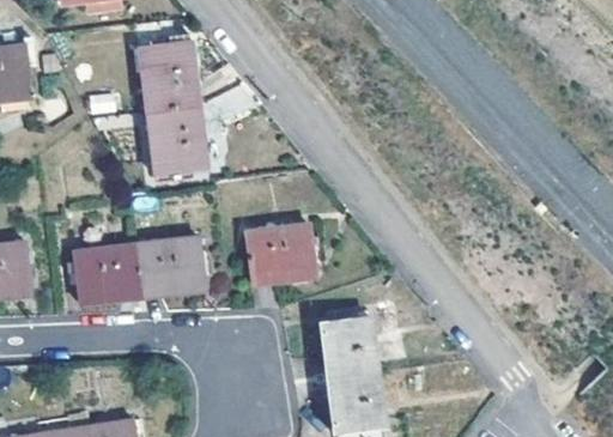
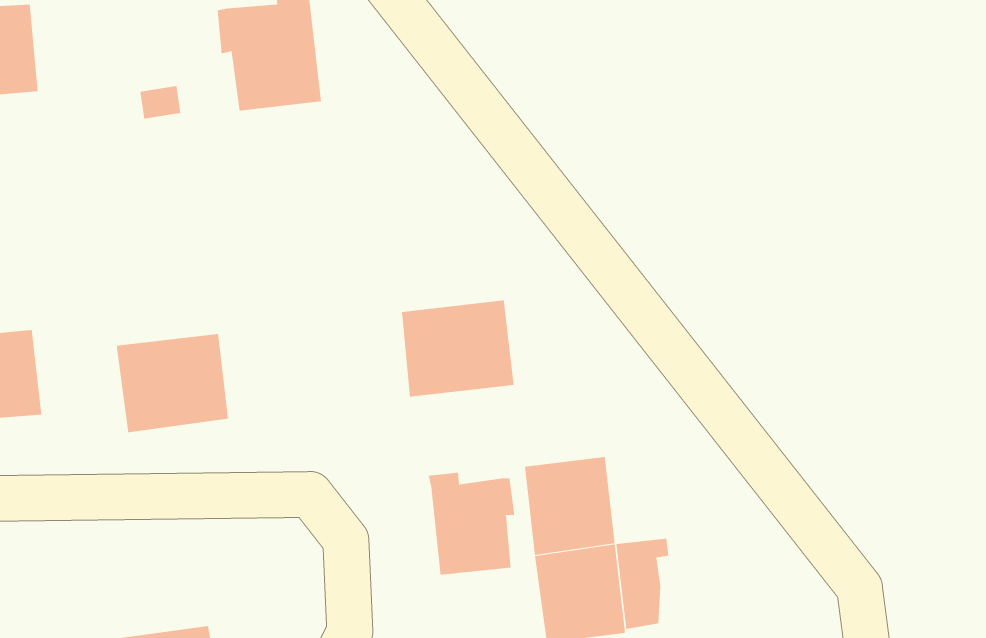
building: [148,103,206,170] -> none
building: [136,237,202,295] -> none
building: none -> [428,472,515,576]

